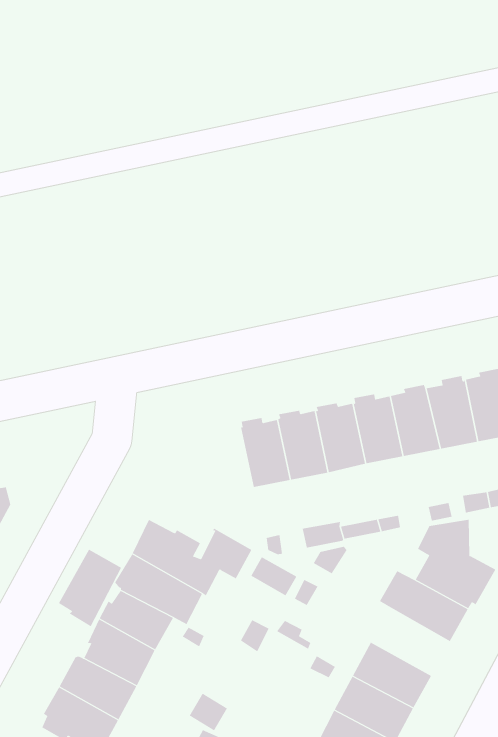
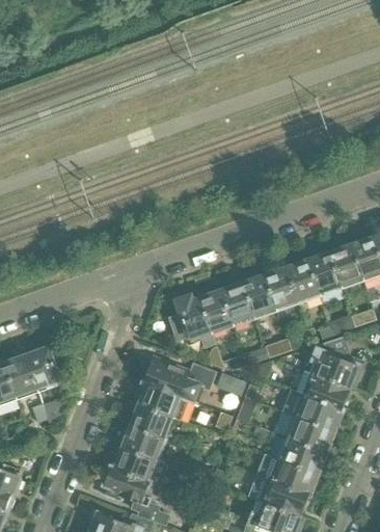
building: none -> [167,295,213,348]
building: [58,549,122,627] -> none
building: none -> [292,395,340,432]

